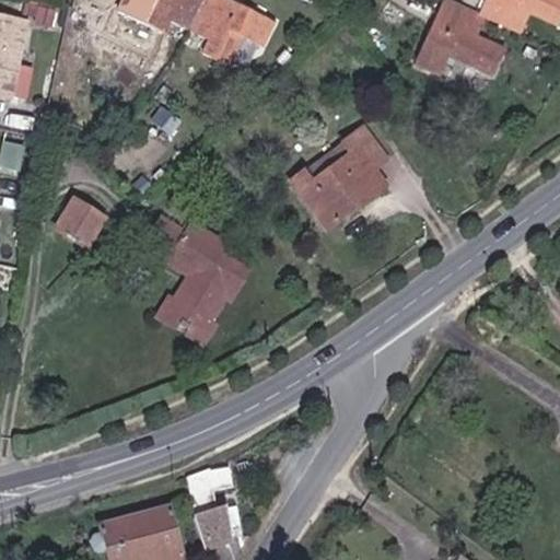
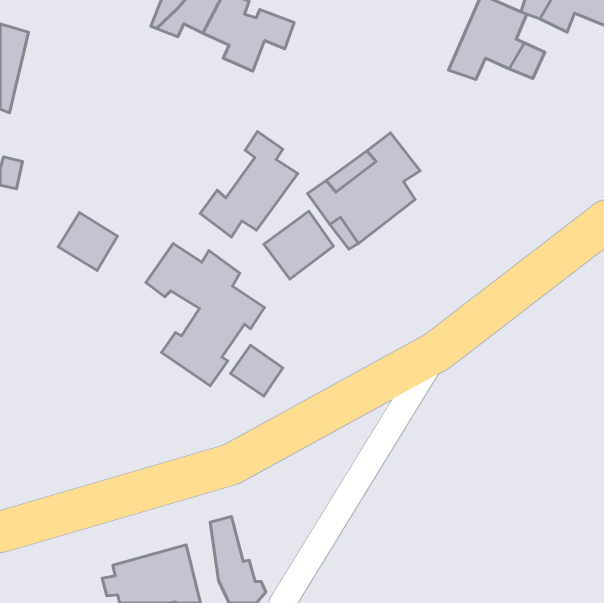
building: none -> [200,131,298,237]
building: none -> [264,211,334,279]
building: none -> [231,345,283,396]

